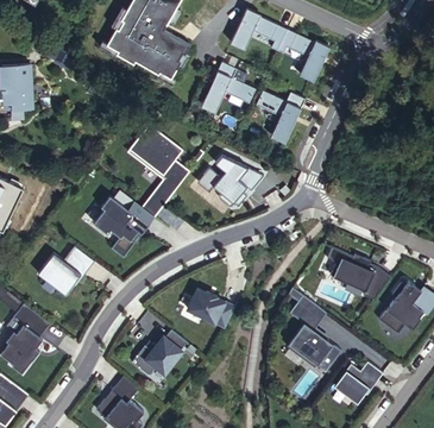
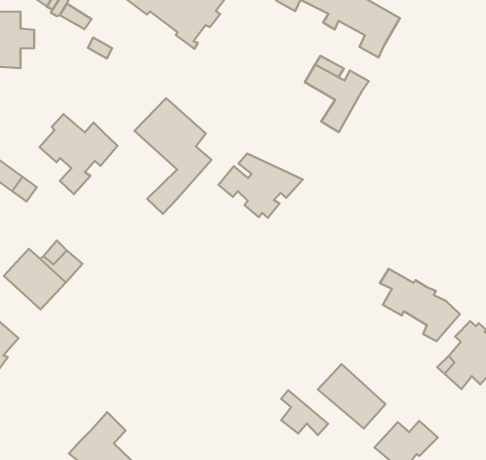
building: [202,63,257,111] -> none
building: [94,195,155,257] -> [40,114,117,194]
building: [187,288,225,322] -> none
building: [288,289,326,322] -> [281,390,328,435]
building: [132,329,187,374] -> none

